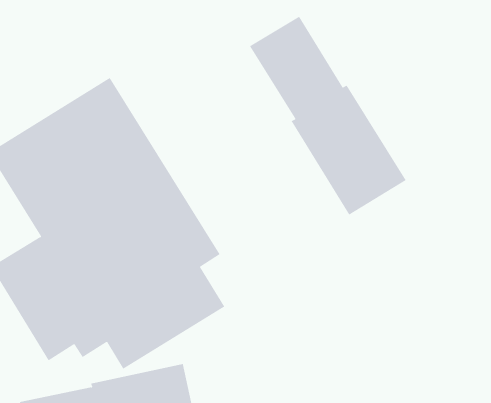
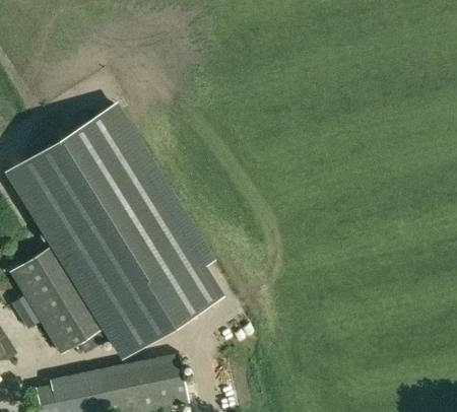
building: [249,16,406,215] -> none

